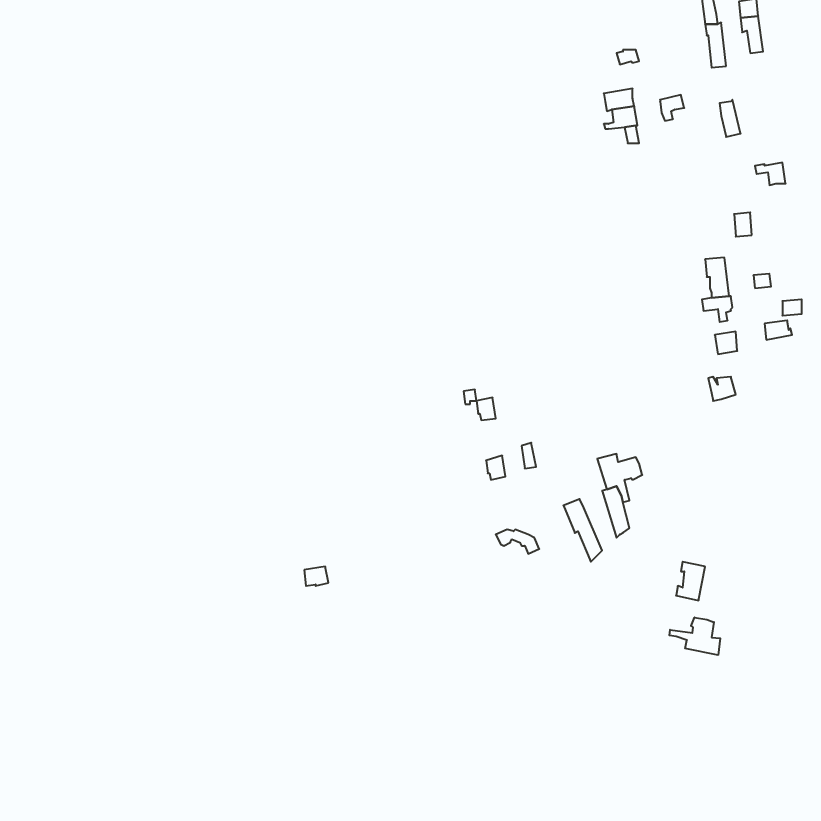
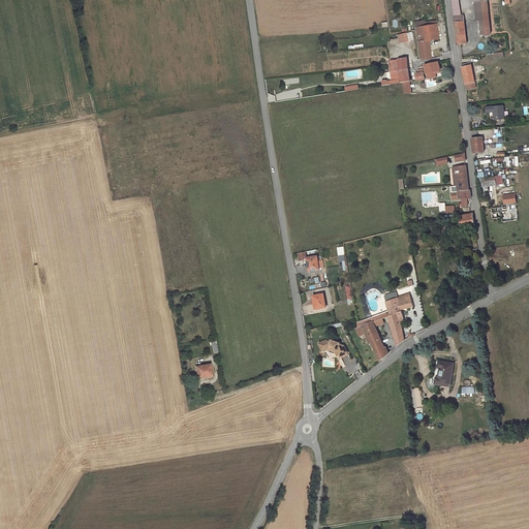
building: none -> [414,24,437,59]
building: [669,617,720,655] -> none

